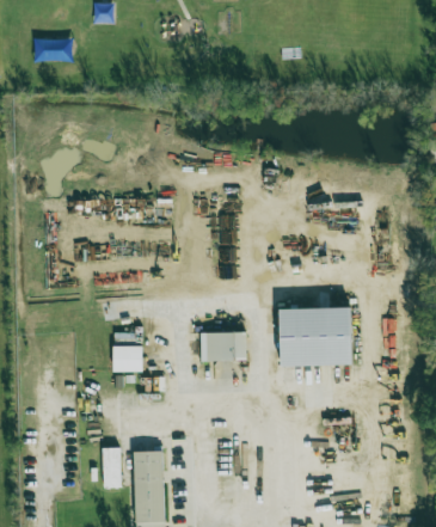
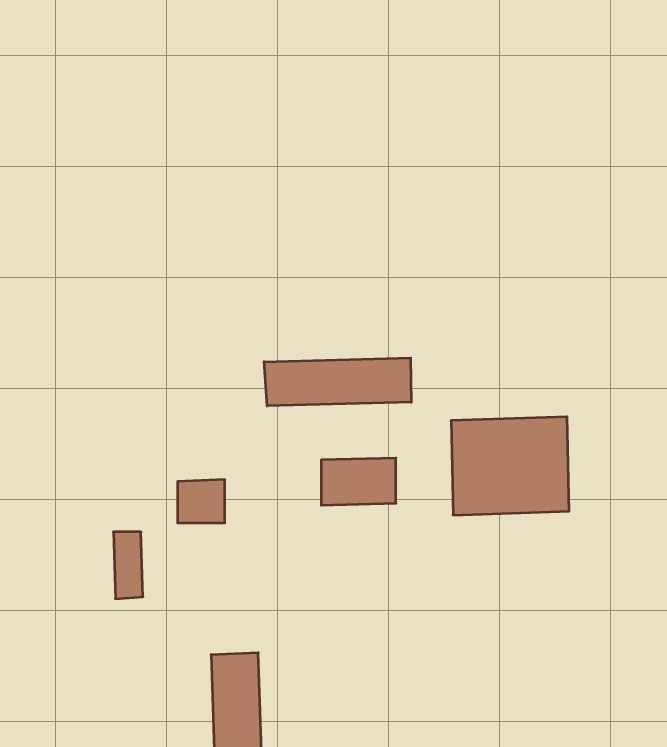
building: none -> [264,358,411,406]
building: [103,447,121,488] -> [113,532,143,599]

